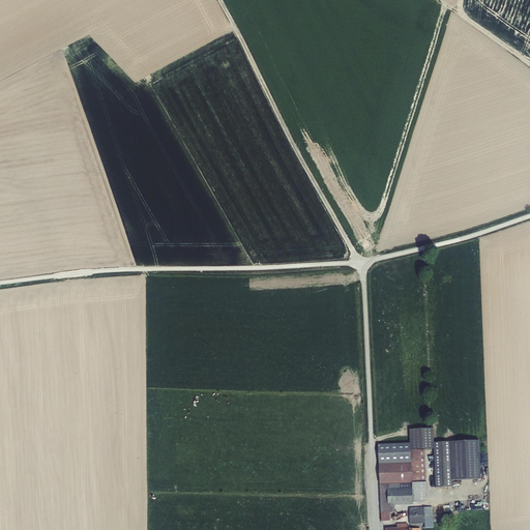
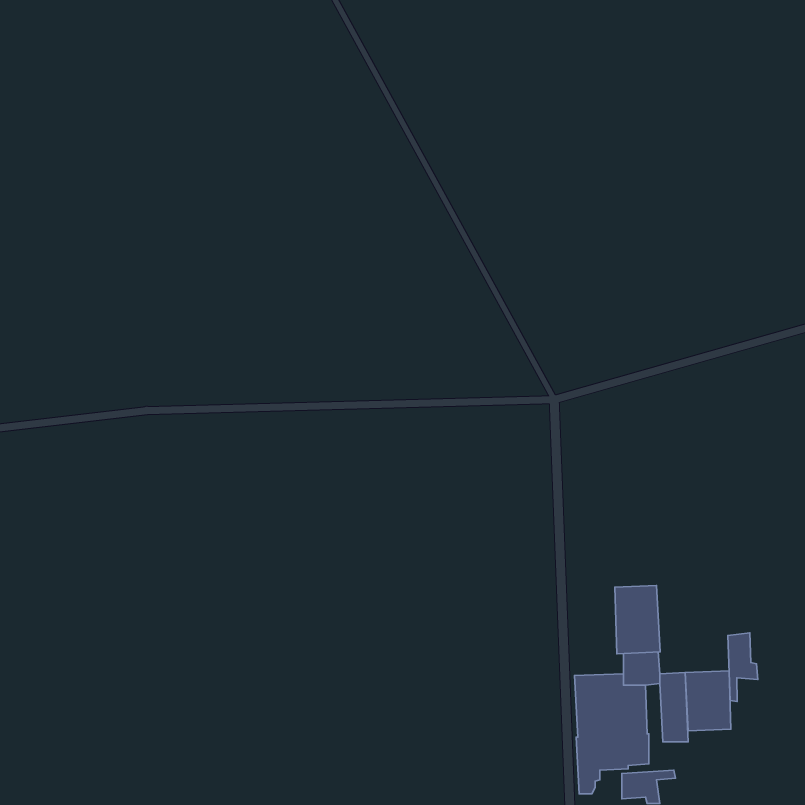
building: none -> [615,585,660,654]
building: none -> [728,633,758,702]

